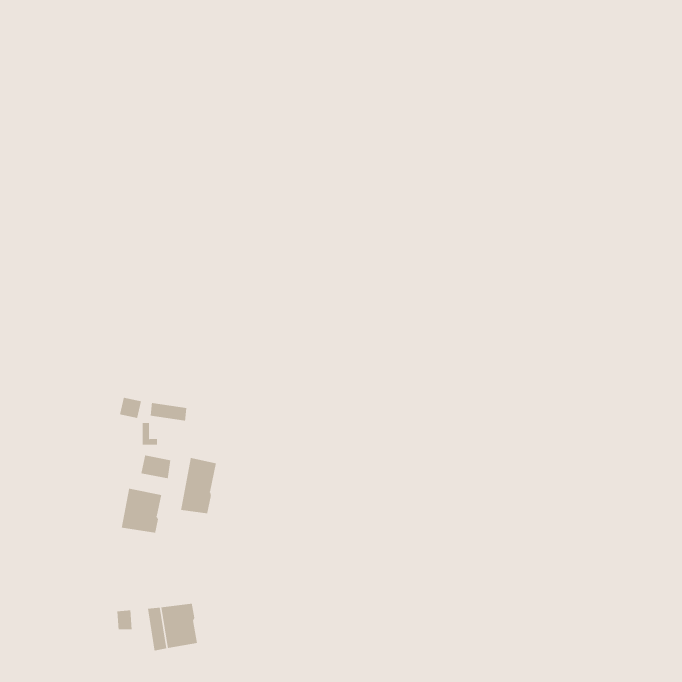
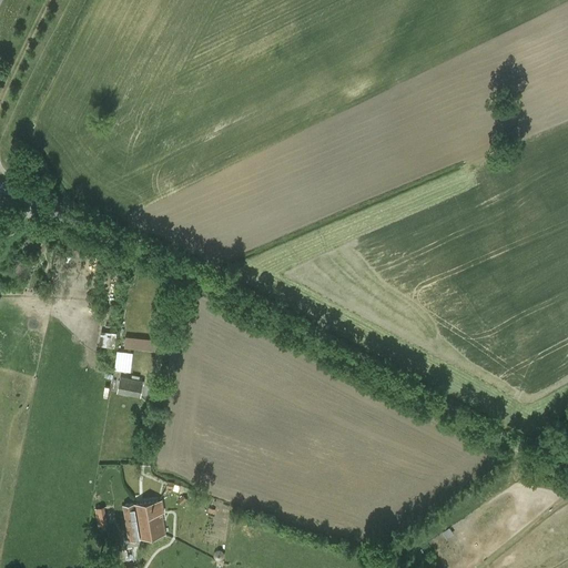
building: [180,457,216,514] -> none
building: [121,488,162,534] -> none

